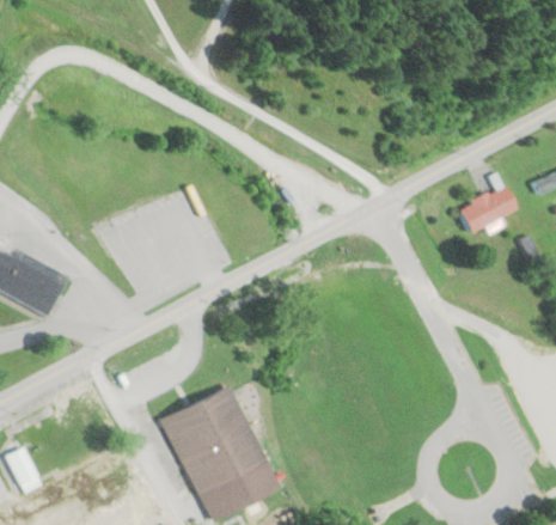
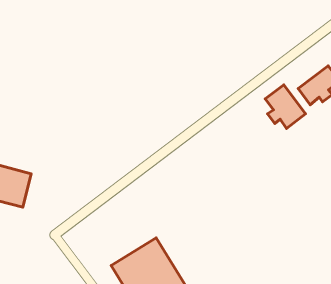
building: none -> [265,85,306,128]

